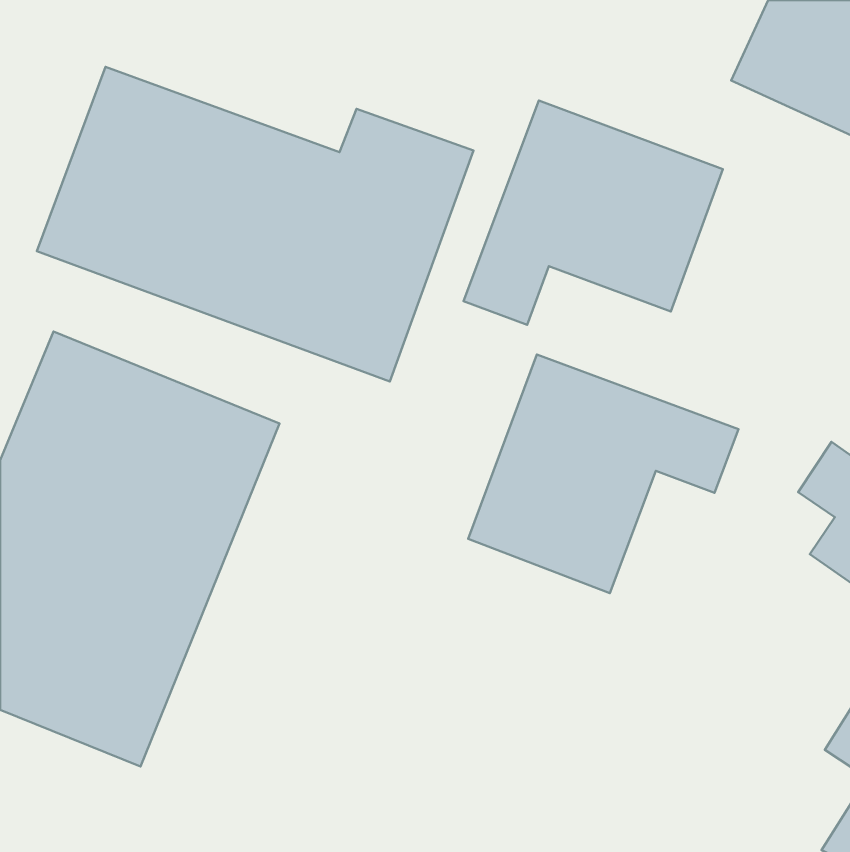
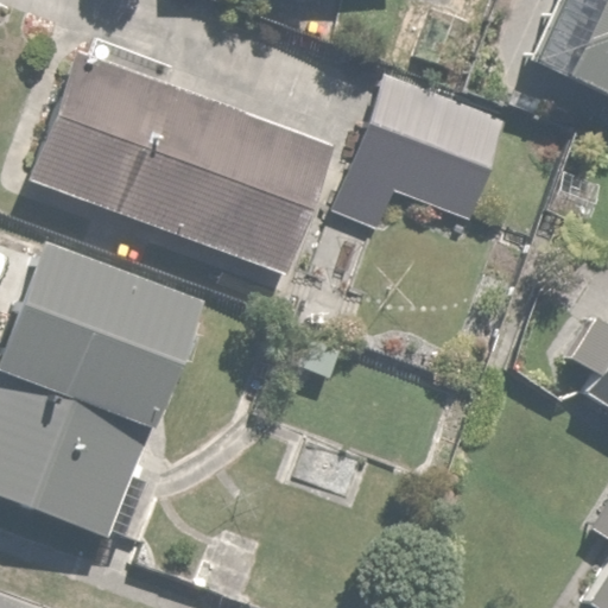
building: [468,354,739,593] -> none

